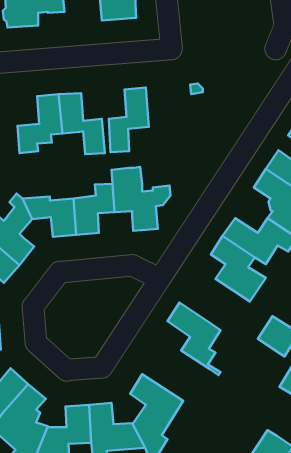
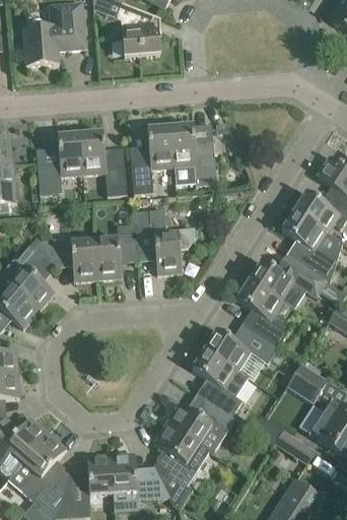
building: none -> [169,124,216,184]
building: none -> [204,323,277,379]
building: none -> [165,397,235,452]
building: none -> [275,429,315,463]

